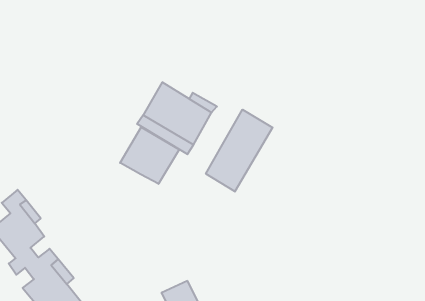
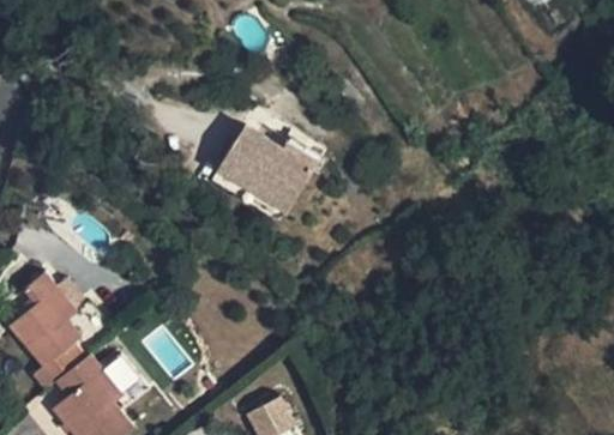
building: [206,110,273,192] -> none
building: [120,127,179,184] -> none

